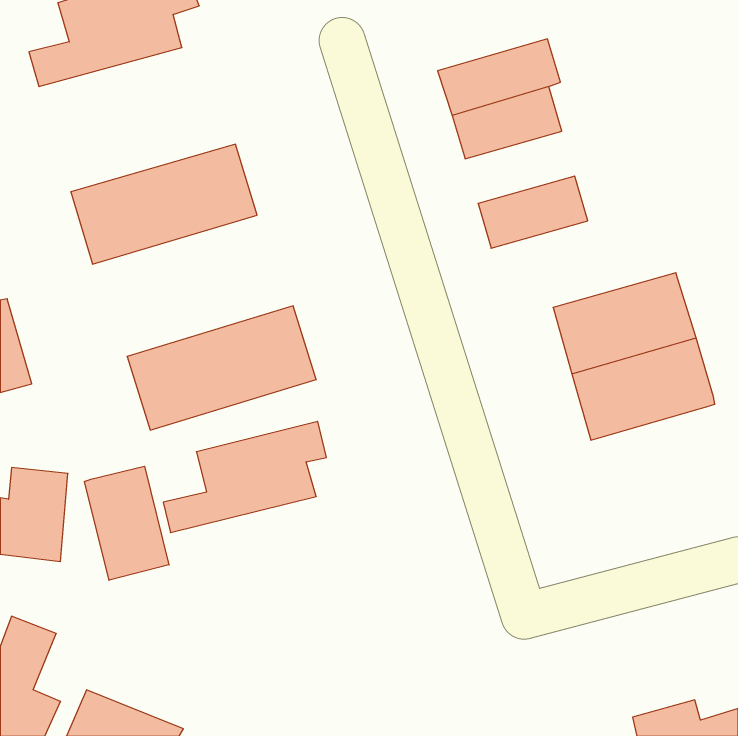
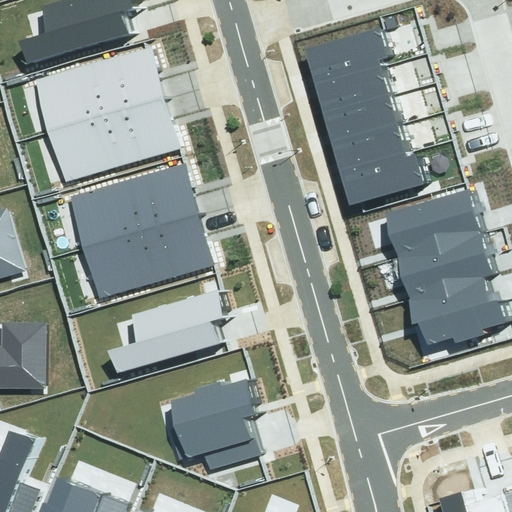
building: none -> [35,51,163,133]
building: none -> [322,91,398,141]
building: none -> [340,150,425,203]
building: none -> [72,162,203,247]
building: none -> [409,282,507,346]
building: [85,466,169,580] -> none
building: none -> [171,381,259,470]

